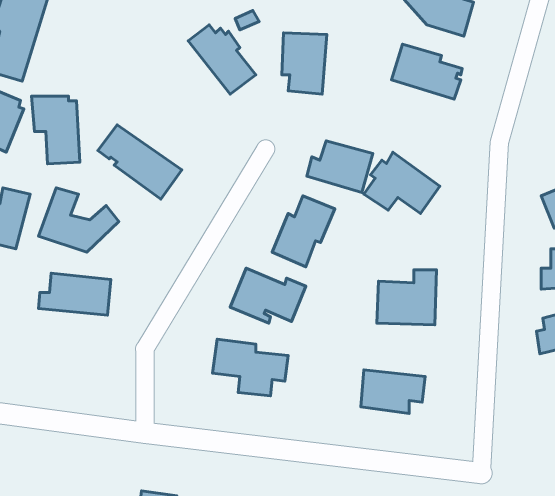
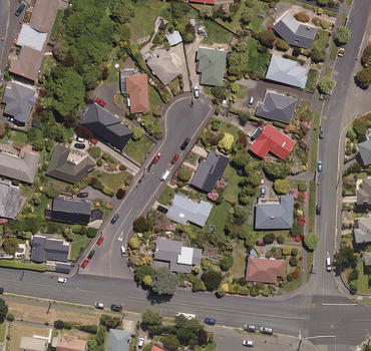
building: [31,96,80,164] -> [119,70,149,112]
building: [307,141,373,192] -> [256,90,297,122]
building: none -> [30,236,68,260]

